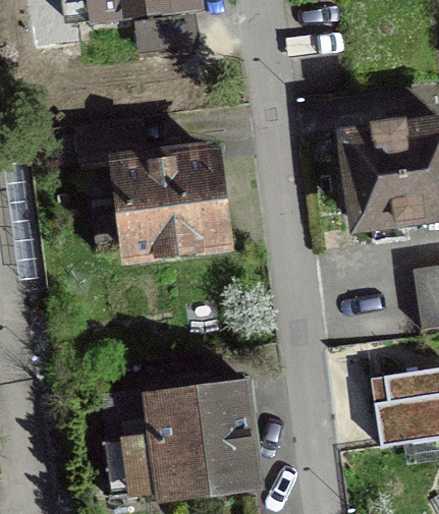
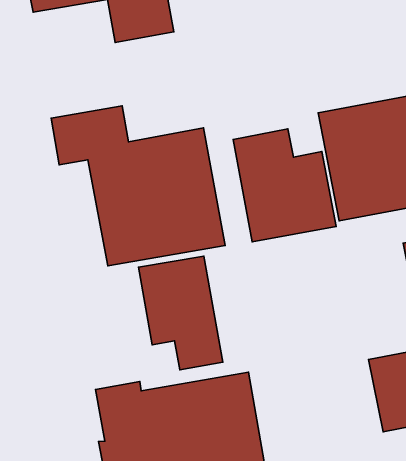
building: none -> [233,129,336,242]
building: none -> [138,256,223,370]

